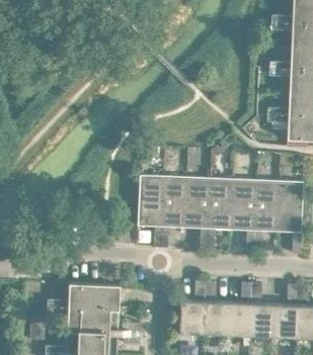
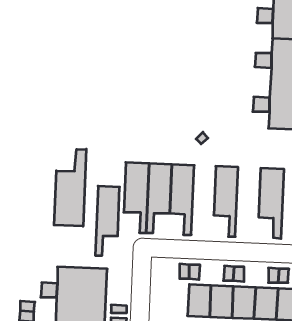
building: none -> [54,149,86,226]
building: [208,178,233,250] -> [95,186,120,255]
building: [253,180,280,252] -> none
building: [180,300,206,334] -> none

